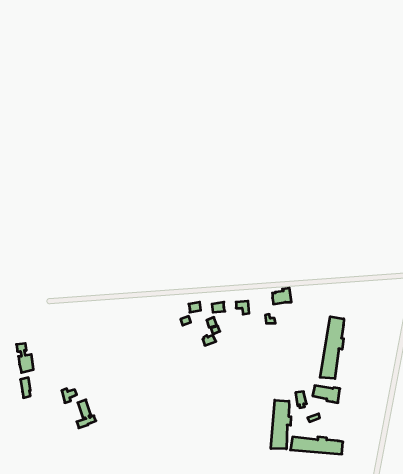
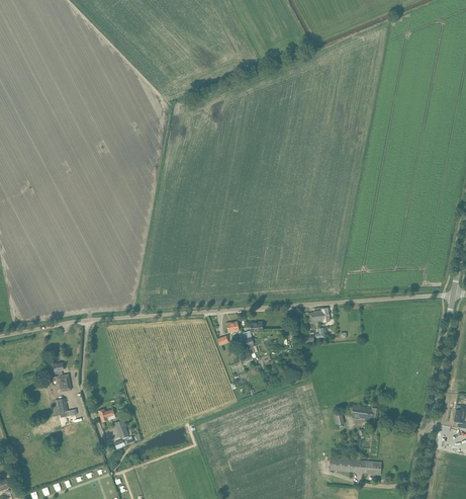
building: [320,317,344,379] -> none
building: [271,400,291,449] -> none

